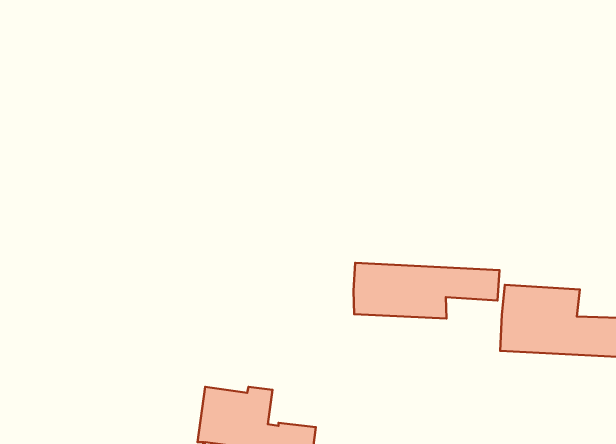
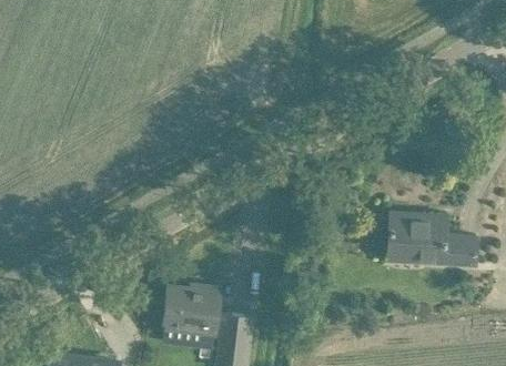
building: [353,263,500,319] -> none

